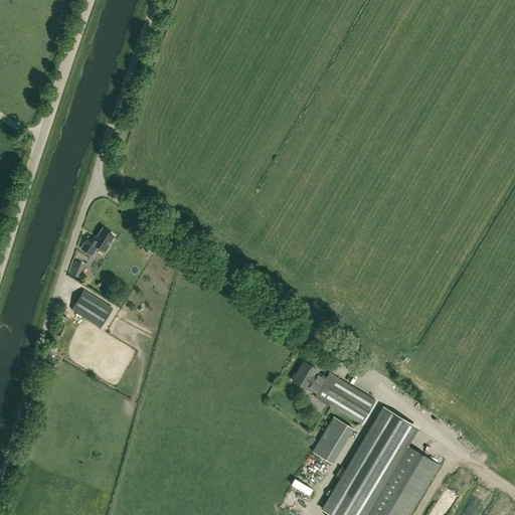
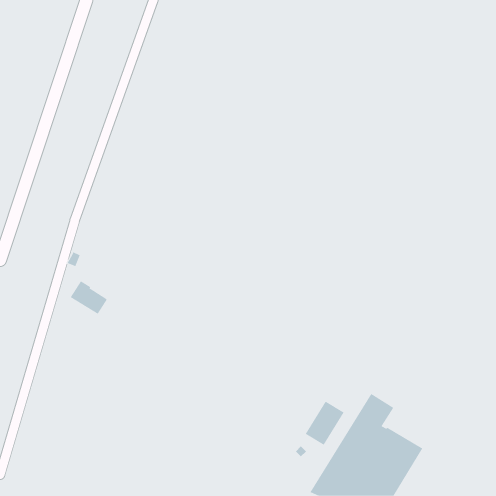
building: [80,229,114,255] -> none
building: [292,362,375,424] -> none

